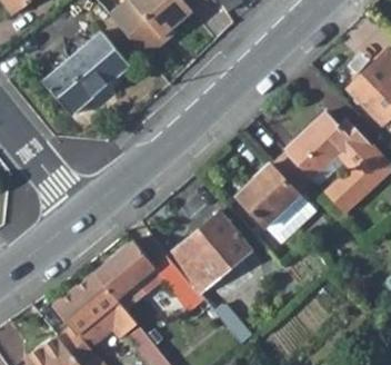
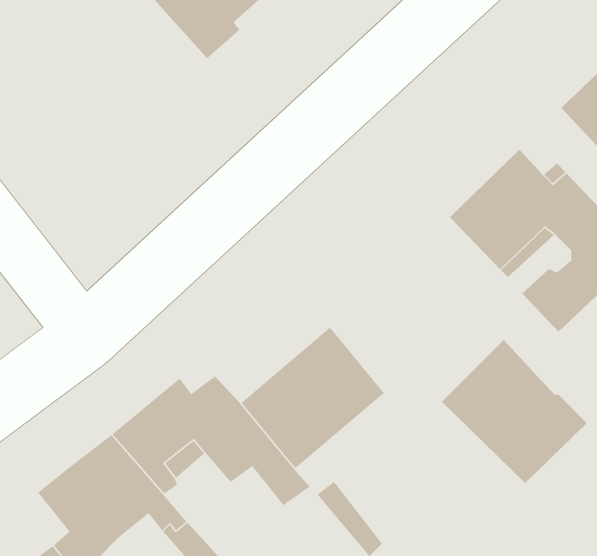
building: [42,32,131,117] -> none
building: [233,159,317,241] -> [441,339,588,484]

